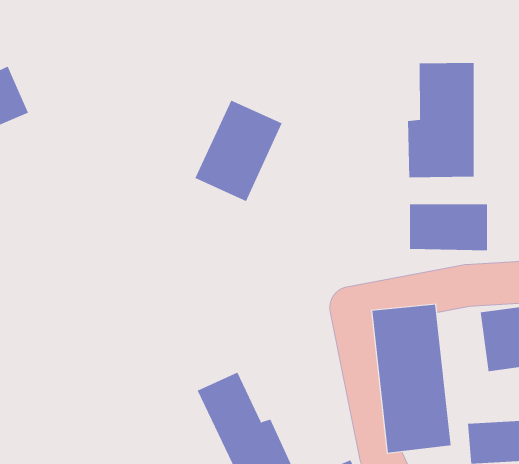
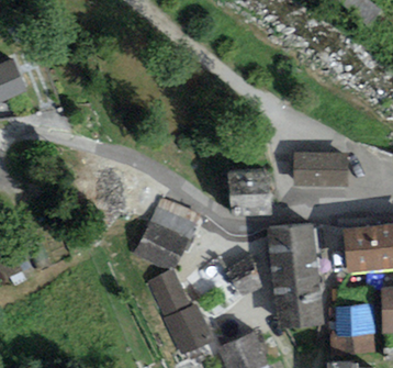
building: [408,62,474,178] -> none
building: [195,100,283,202] -> [133,199,194,270]
building: none -> [228,170,271,212]

